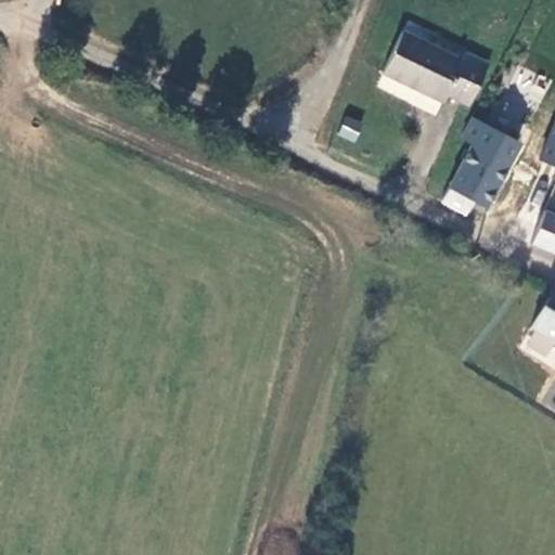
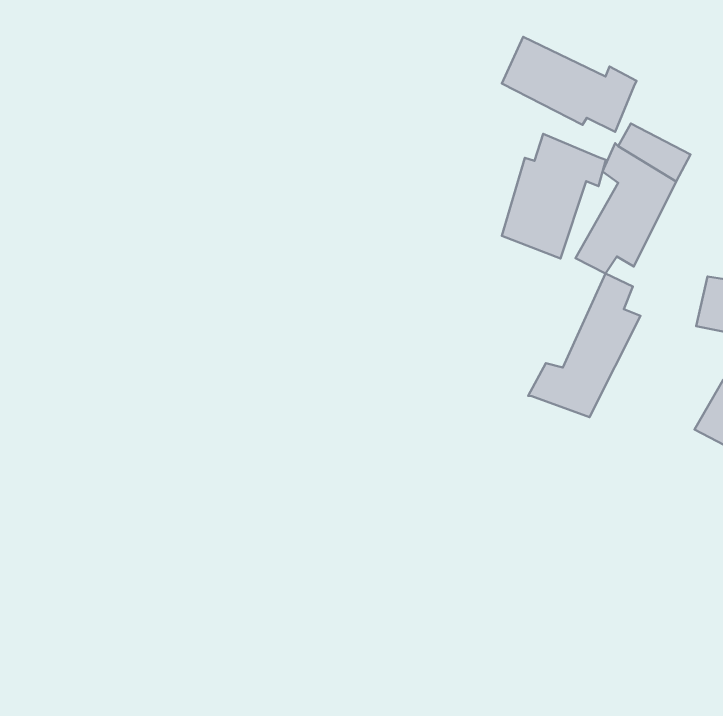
building: none -> [502,134,606,259]
building: none -> [528,274,640,417]

